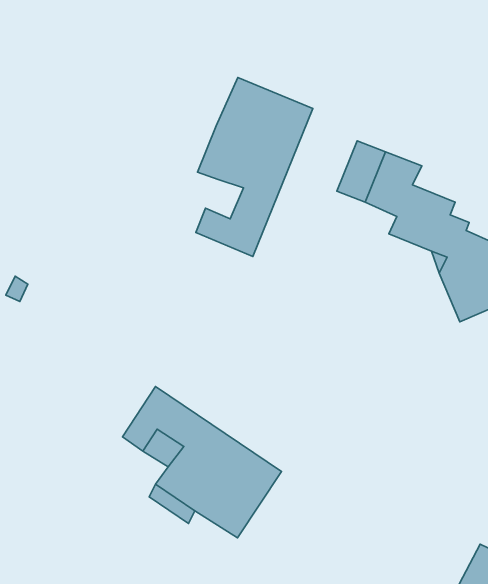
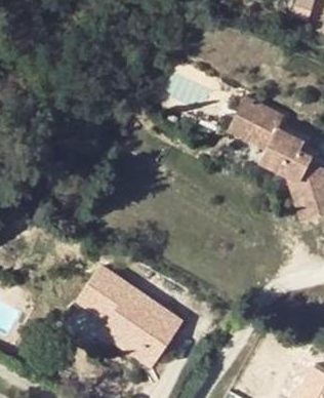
building: [196,77,313,256] -> none

